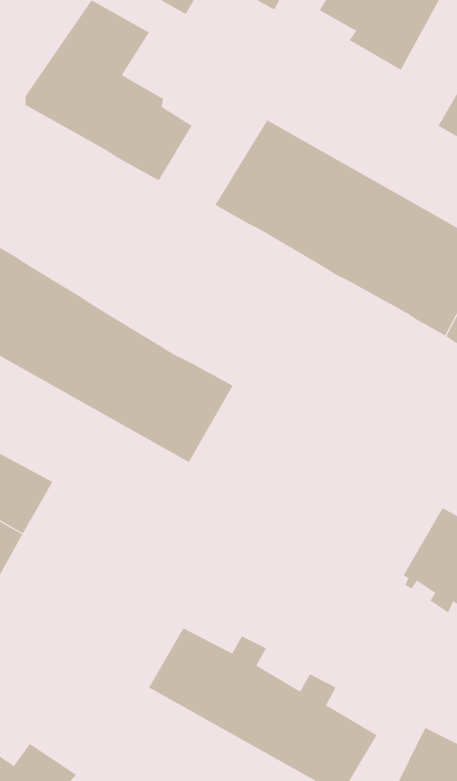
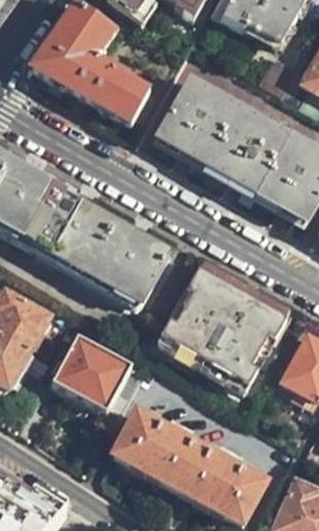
building: none -> [160,269,286,388]
building: none -> [52,338,129,417]

